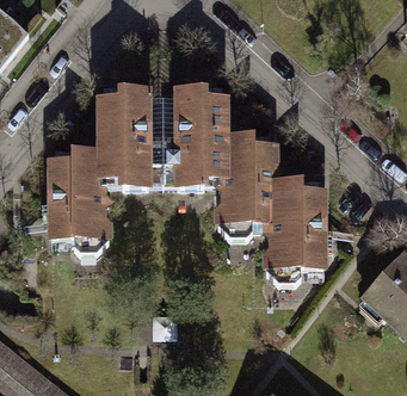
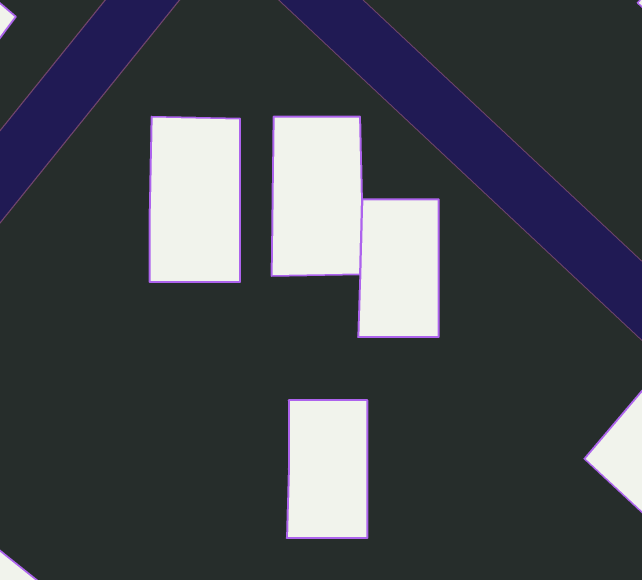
building: [43,150,100,239] -> none
building: [275,181,323,265] -> [287,400,367,538]

